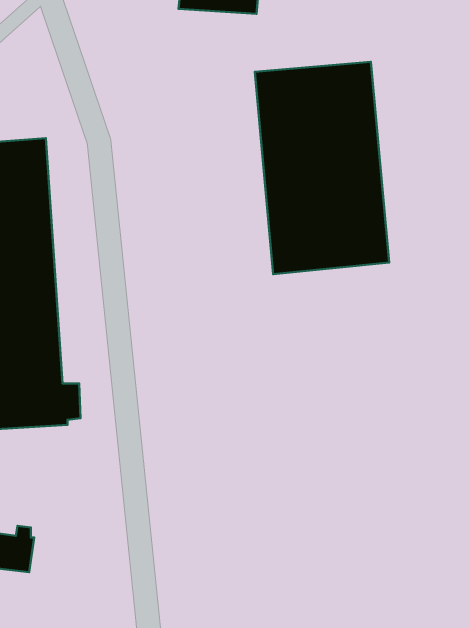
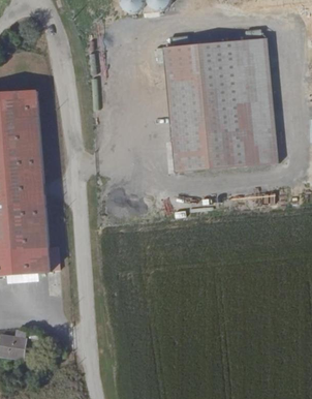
building: none -> [237,38,279,166]

